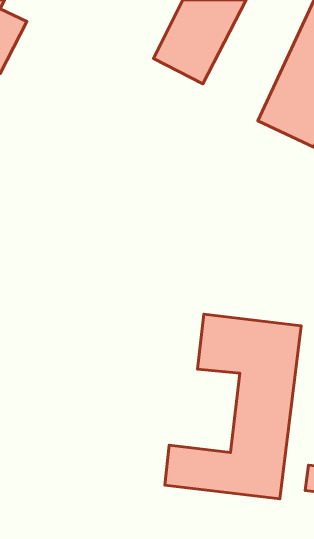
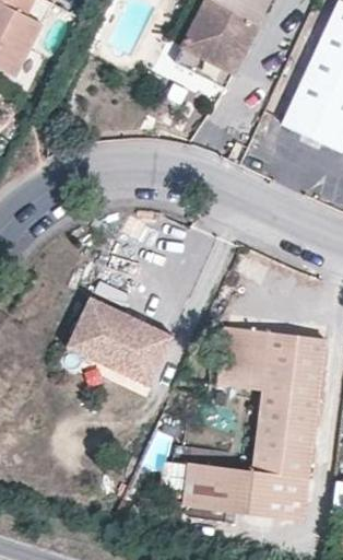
building: none -> [64,295,174,387]

